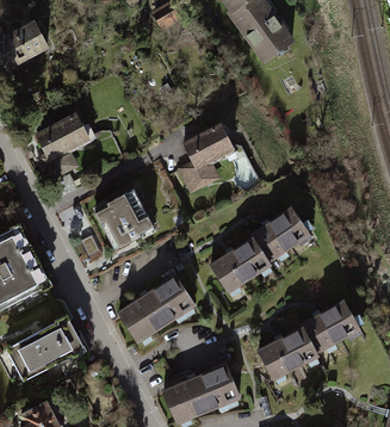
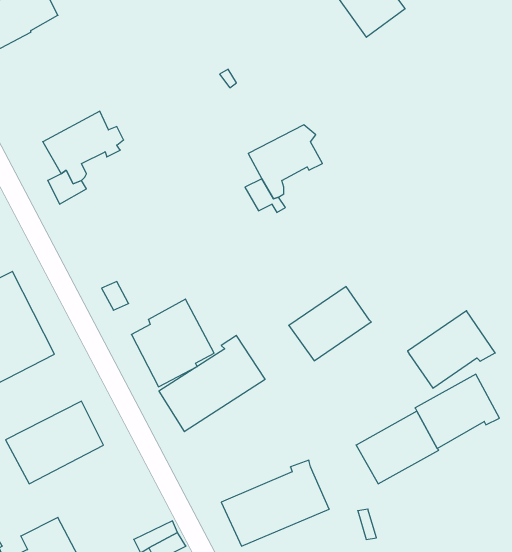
building: [93,187,151,249] -> [131,299,214,387]
building: [250,206,312,261] -> [408,311,495,388]

